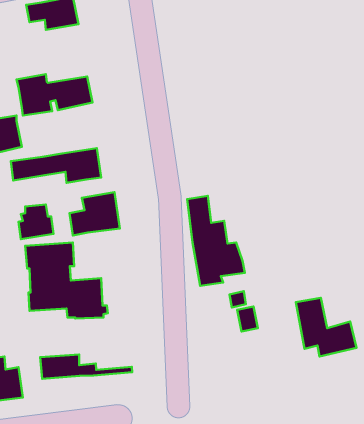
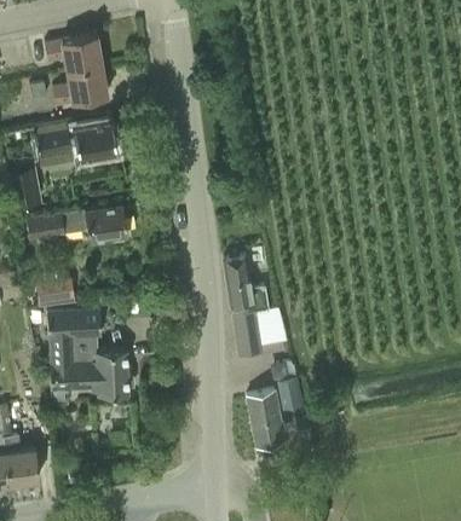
building: none -> [53,65,109,106]
building: [70,192,120,235] -> none
building: [296,298,357,356] -> [247,392,315,457]
building: [40,355,132,379] -> none

